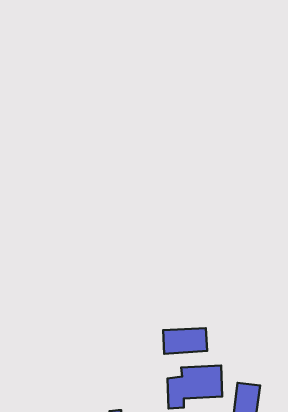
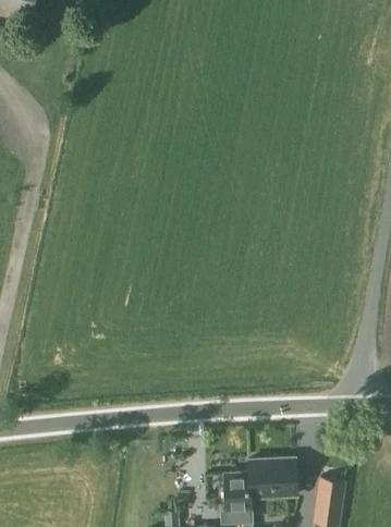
building: [163,328,207,354] -> none

